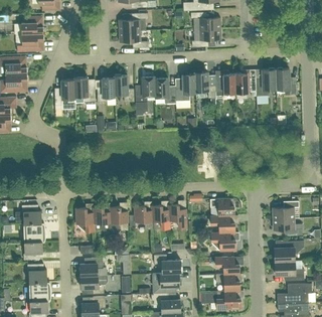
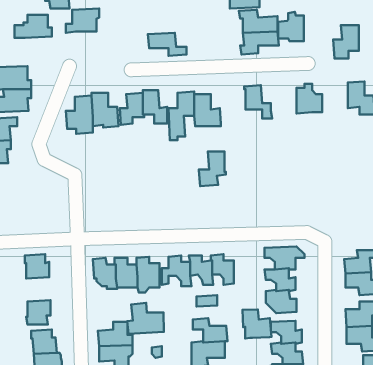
building: [119,12,148,30] -> none
building: [17,32,43,51] -> [66,9,99,33]
building: [256,68,276,95] -> [333,25,359,59]
building: [215,69,235,93] -> [278,12,304,41]
building: [175,73,196,101] -> [199,151,226,186]
building: [23,221,45,241] -> none
building: none -> [127,303,164,334]
building: none -> [243,309,271,338]

